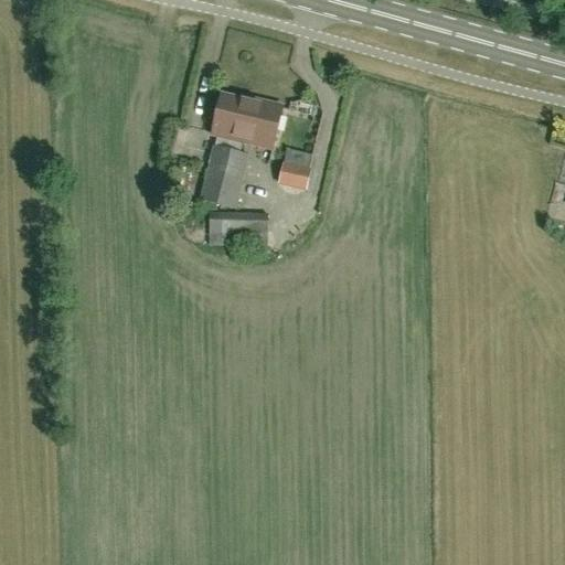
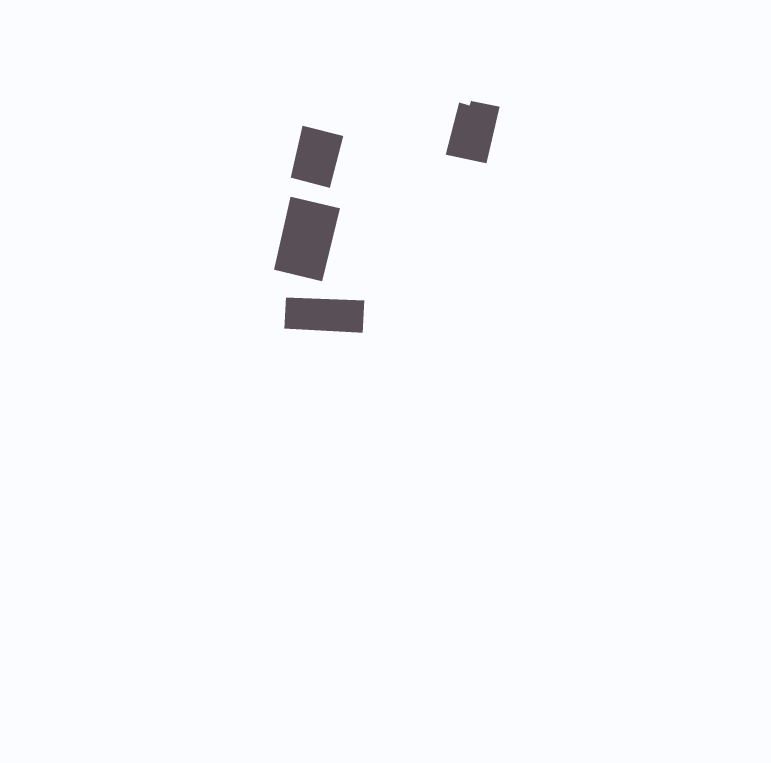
building: [242,98,282,145] -> [445,100,501,164]
building: [279,159,311,188] -> none

